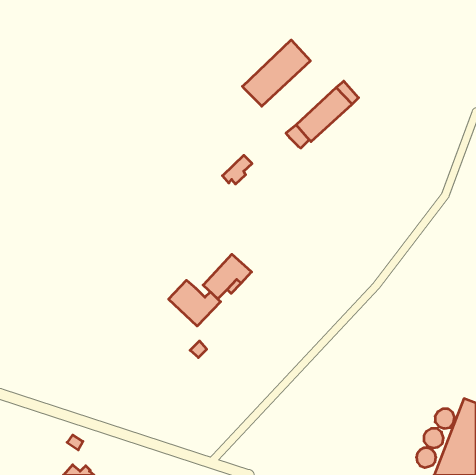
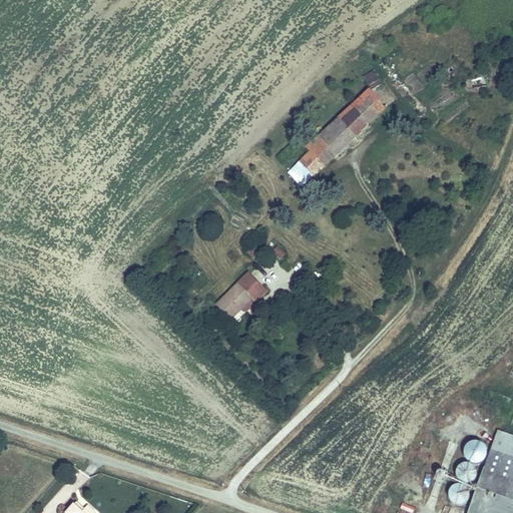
building: [242,40,310,106] -> none
building: [222,155,252,184] -> [289,148,321,179]
building: [169,280,221,326] -> none

